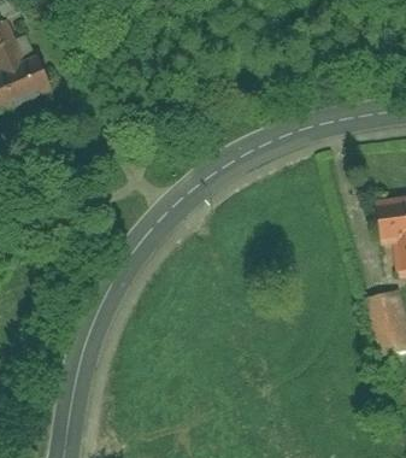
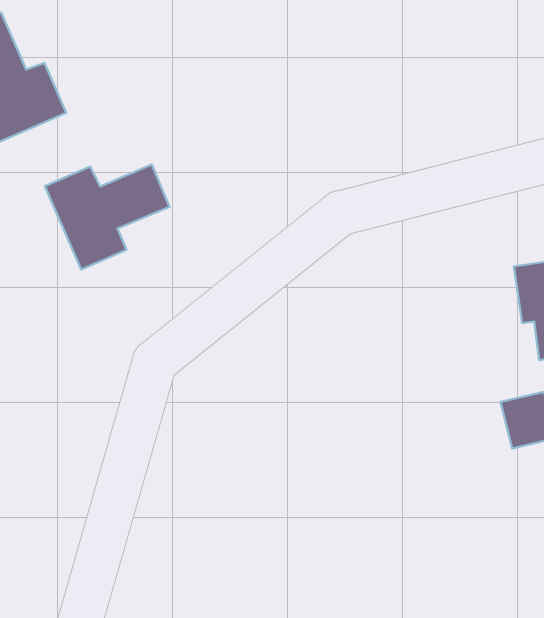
building: none -> [45,165,169,269]

